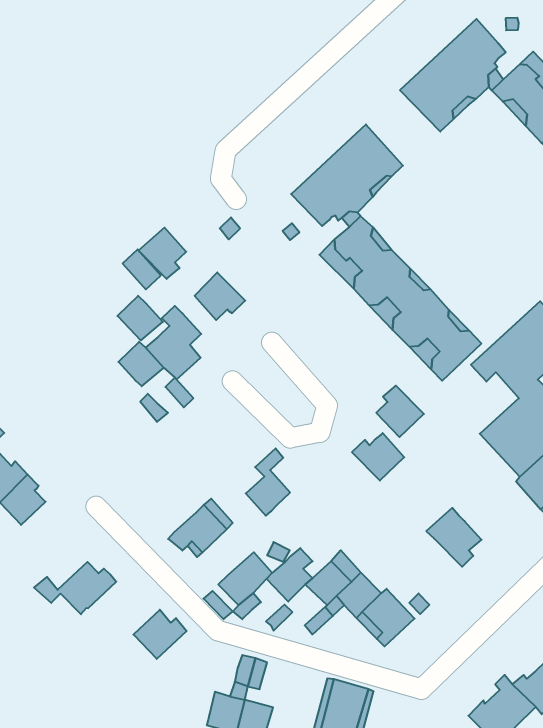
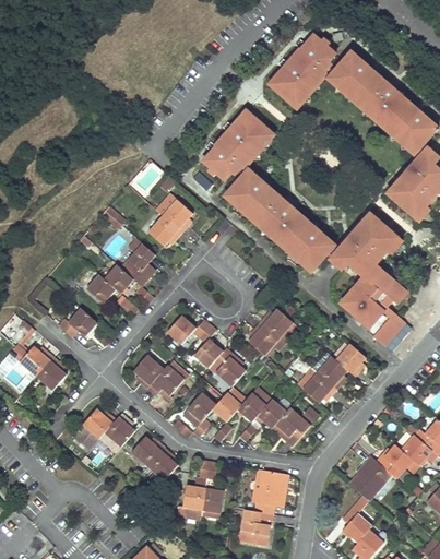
building: [139,228,186,279] -> [162,199,192,231]
building: [117,296,163,340] -> [86,274,116,302]
building: [376,386,424,437] -> [248,322,278,355]
building: none -> [58,308,97,336]
building: none -> [166,316,210,345]
building: none -> [214,347,246,386]
building: none -> [133,356,163,389]
building: none -> [335,343,366,377]
building: none -> [297,368,336,403]
building: none -> [98,413,134,453]
building: none -> [146,447,178,480]

